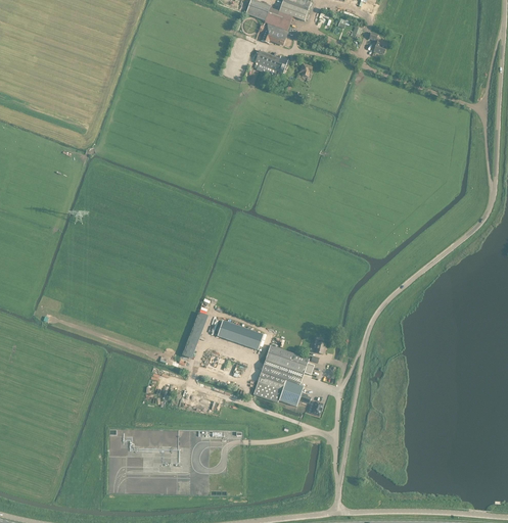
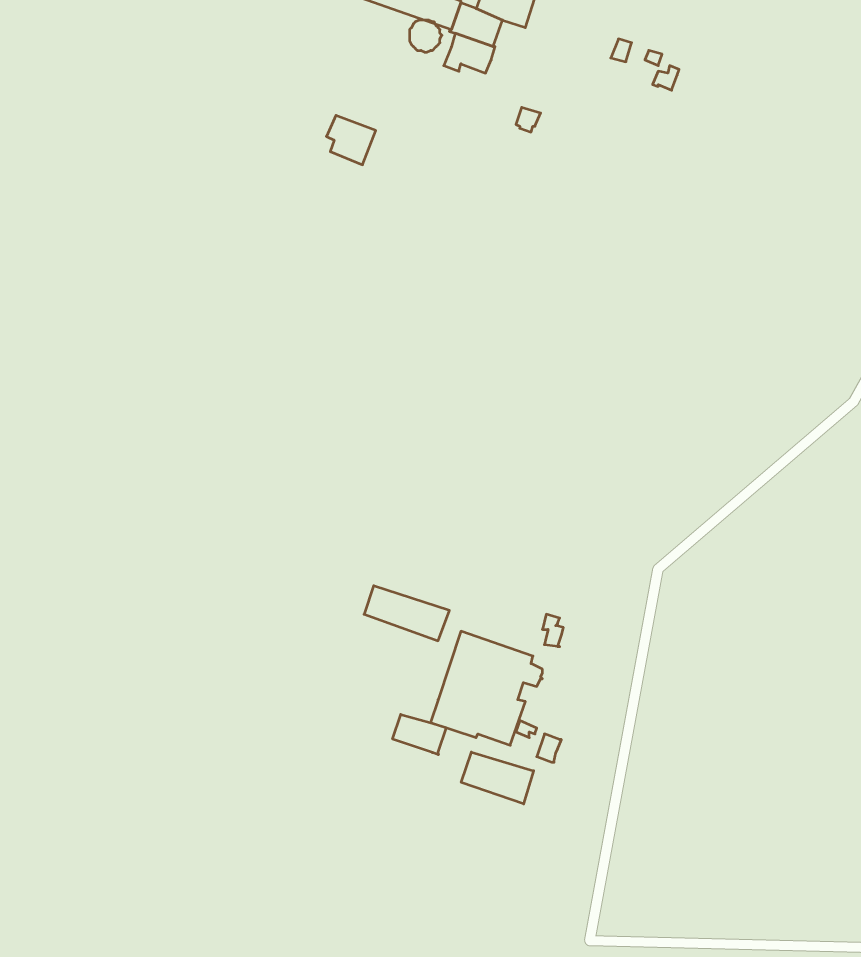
building: [255,49,281,76] -> [326,115,376,165]
building: none -> [393,714,446,755]
building: none -> [461,752,534,804]

